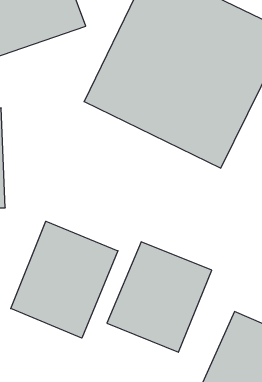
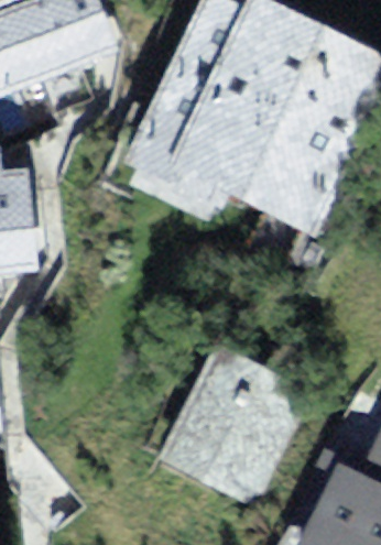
building: [11,221,118,338] -> none

